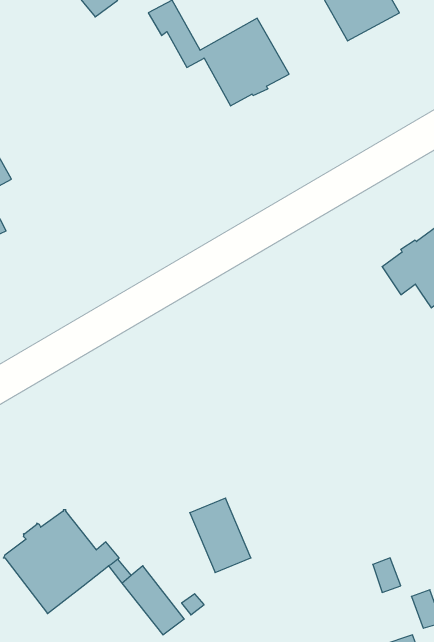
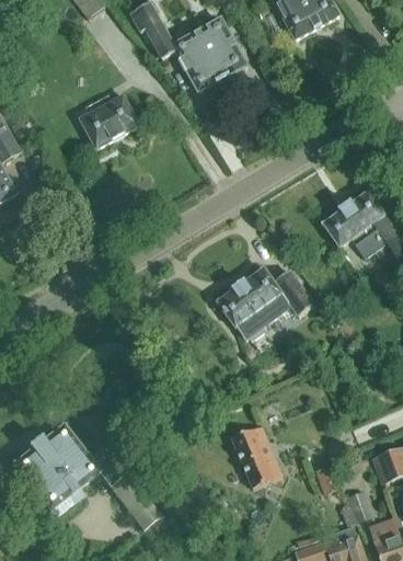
building: none -> [80,94,139,148]
building: none -> [217,267,313,339]
building: [190,498,251,573] -> [231,426,281,488]

